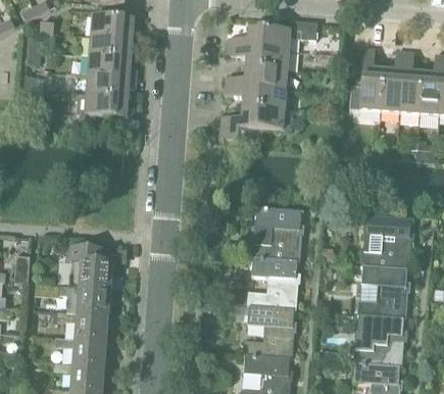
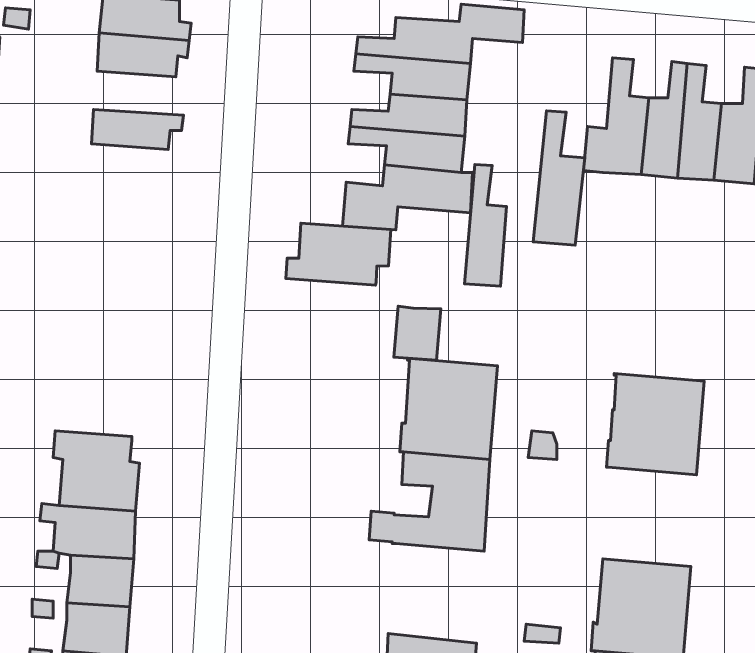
building: [88,55,137,79] -> none
building: none -> [533,111,585,245]
building: [85,94,134,118] -> none
building: none -> [464,164,506,286]
building: none -> [286,223,391,285]
building: none -> [394,306,441,360]
building: [357,266,409,319] -> none
building: [244,307,296,360] -> none

